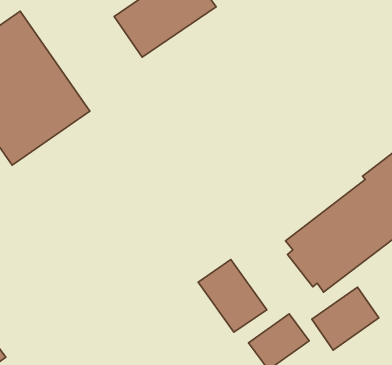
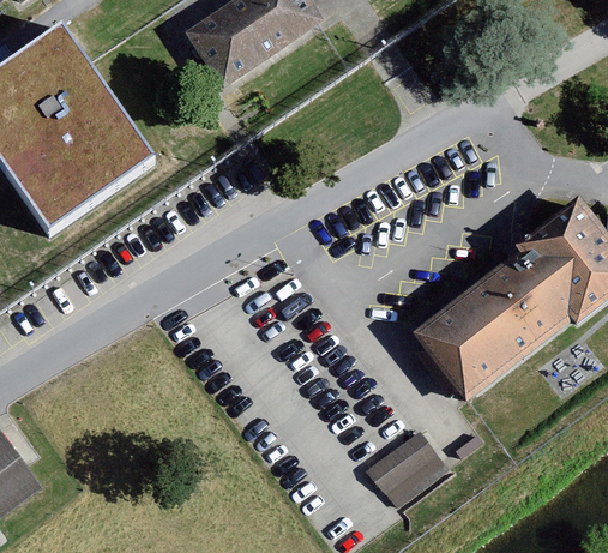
building: [198,260,267,332] -> none
building: [312,287,379,350] -> none

